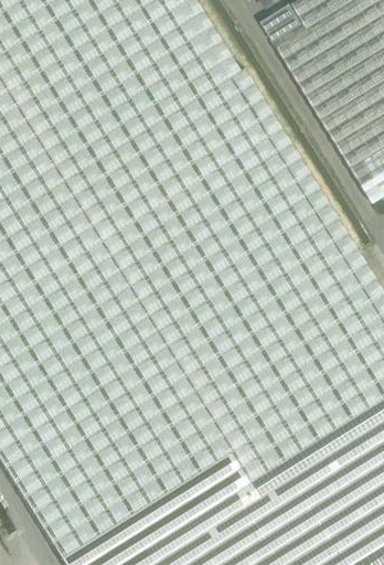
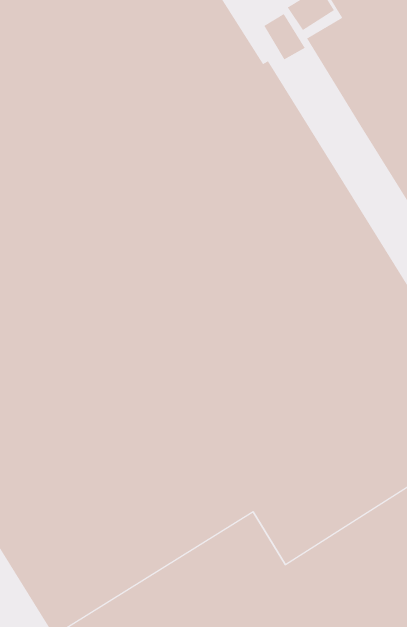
building: none -> [264,13,305,60]

